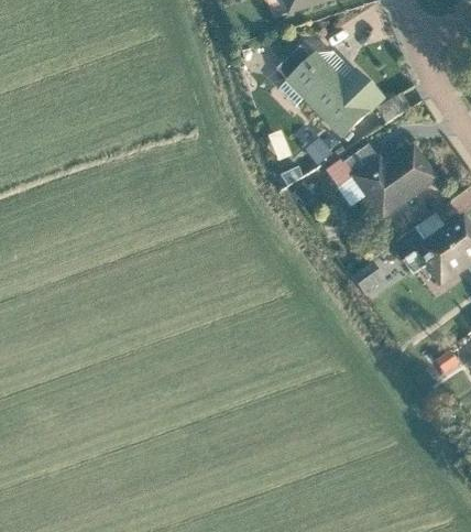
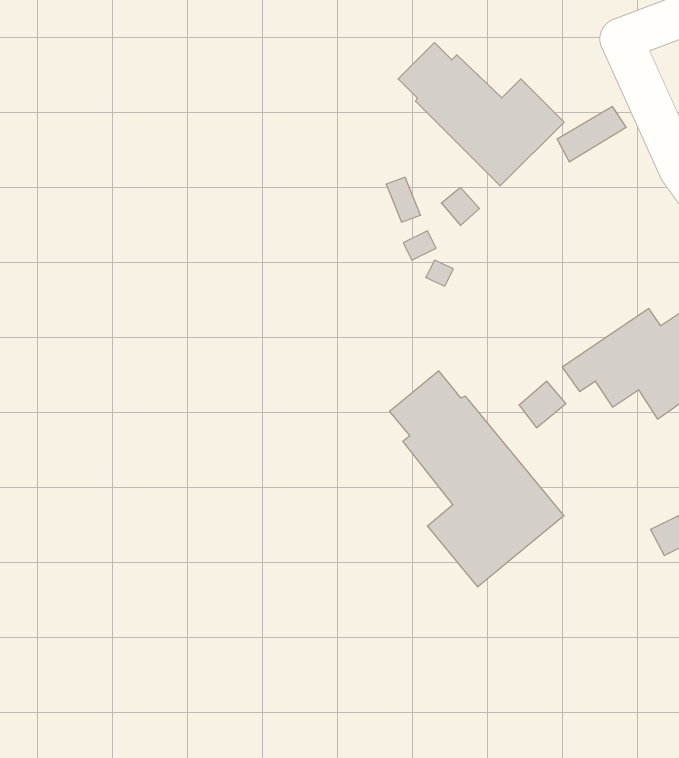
building: [330,142,438,217] -> none
building: none -> [390,371,564,587]

